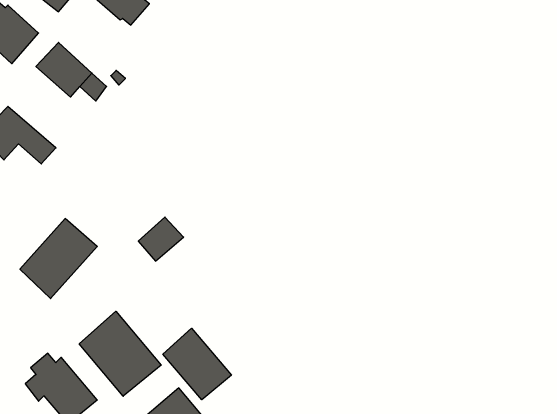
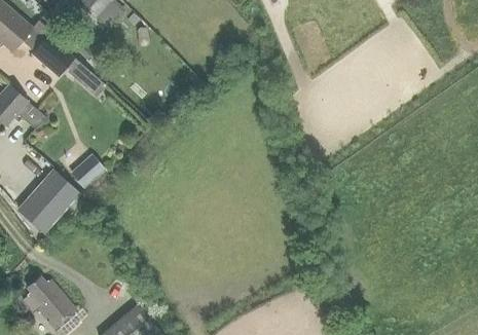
building: [138,217,184,261] -> [70,154,105,188]
building: [79,311,161,396] -> none
building: [163,328,231,400] -> none

